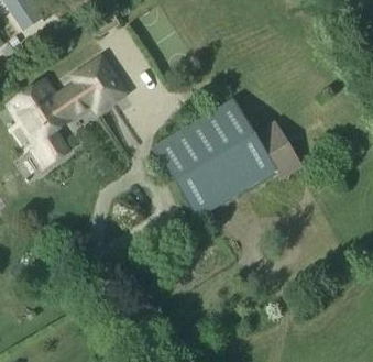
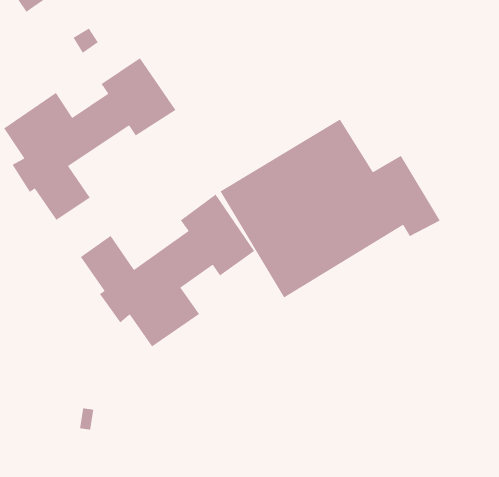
building: none -> [80,194,255,347]

